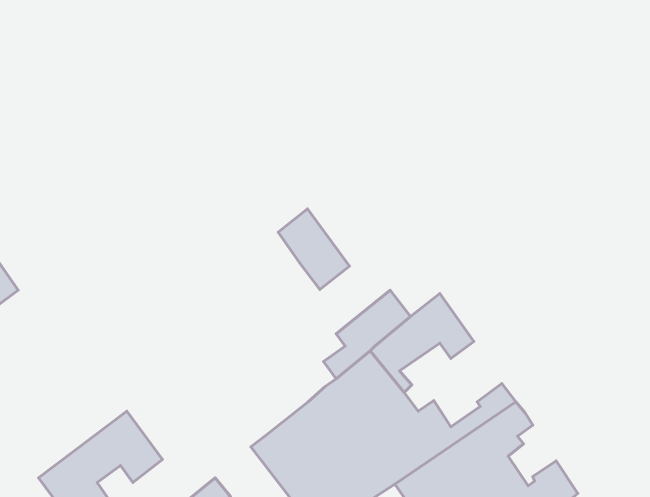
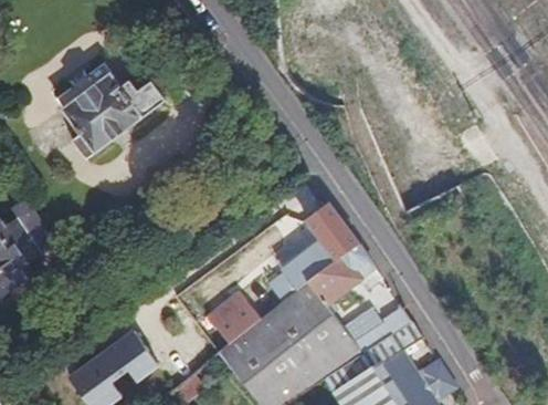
building: none -> [57,71,162,159]
building: [278,209,349,290] -> [304,202,355,260]
building: none -> [208,293,261,345]

